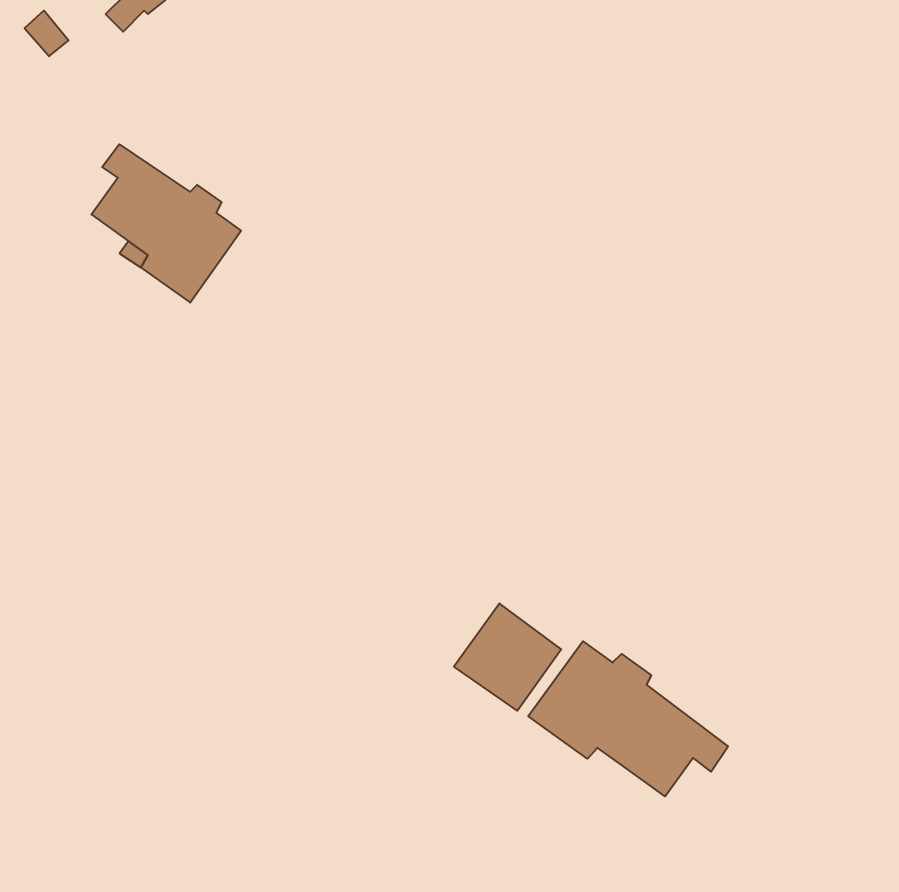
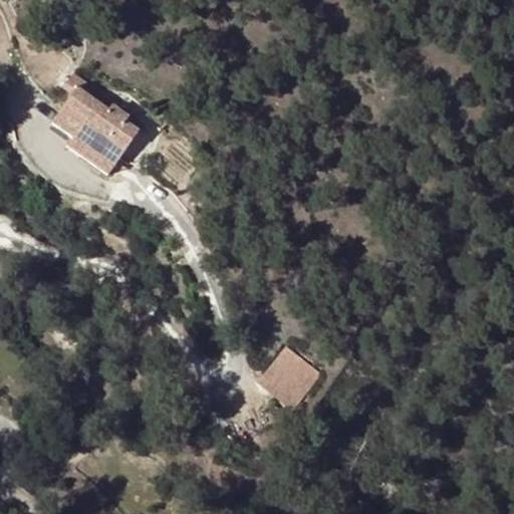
building: [528,641,728,796] -> none

